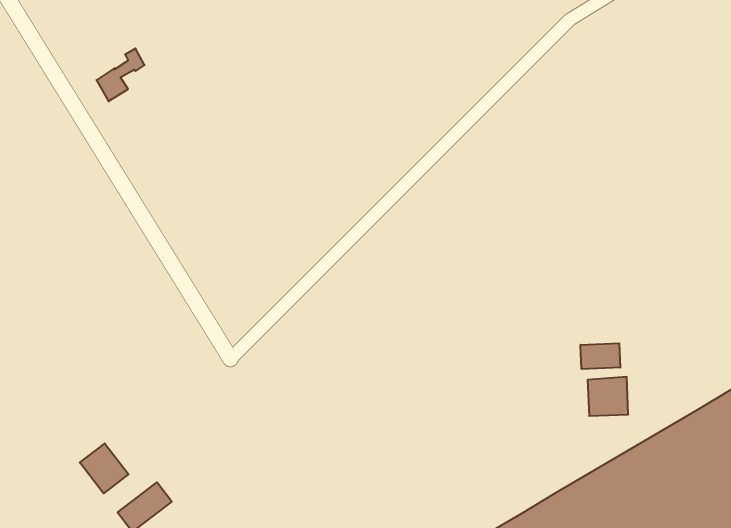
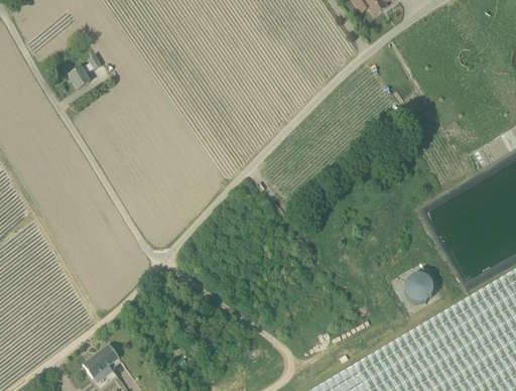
building: [581,343,620,369] -> none
building: [80,443,129,493] -> none

